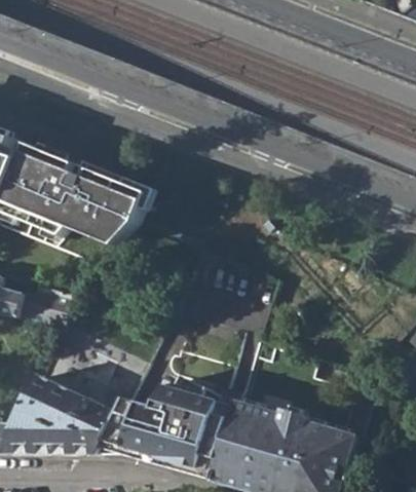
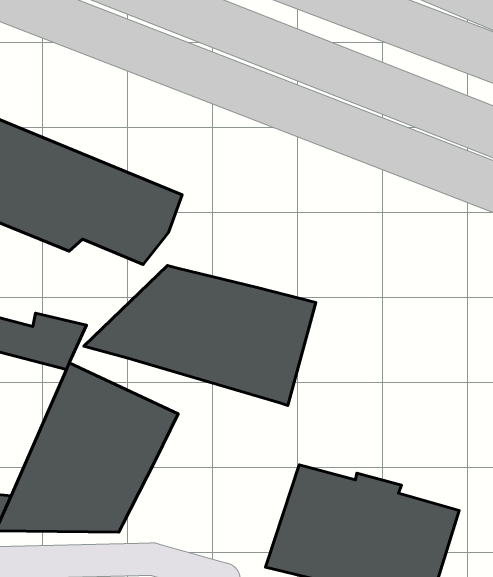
building: none -> [84,265,316,405]
building: [103,380,238,477] -> none

